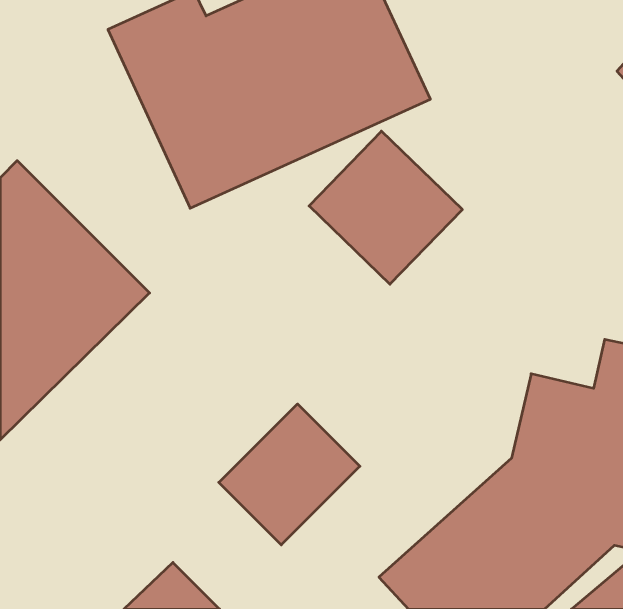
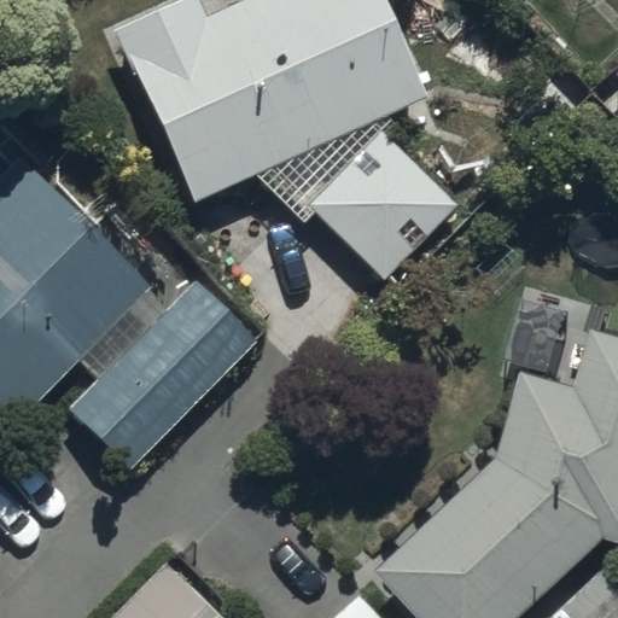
building: none -> [63,273,258,470]
building: [219,404,360,545] -> none

